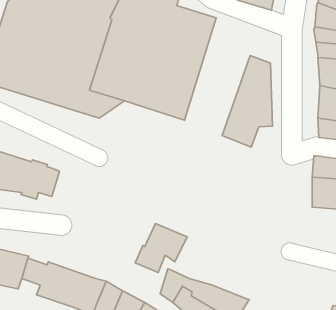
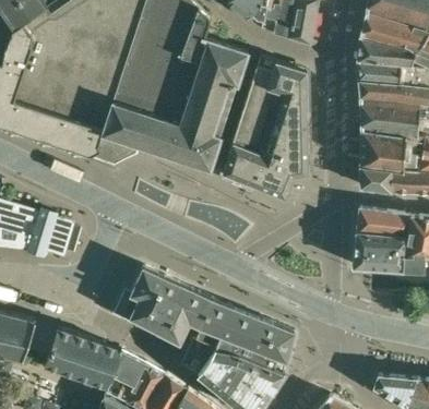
building: none -> [224,58,309,185]
building: none -> [115,268,179,329]
building: none -> [196,300,296,371]

